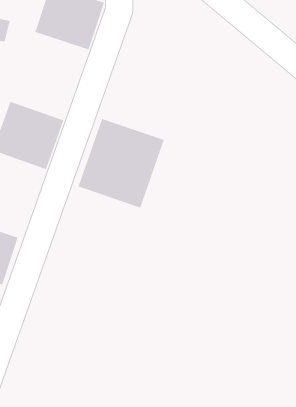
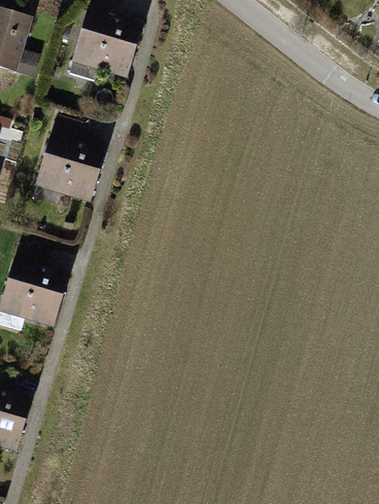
building: [78,118,165,208] -> none

